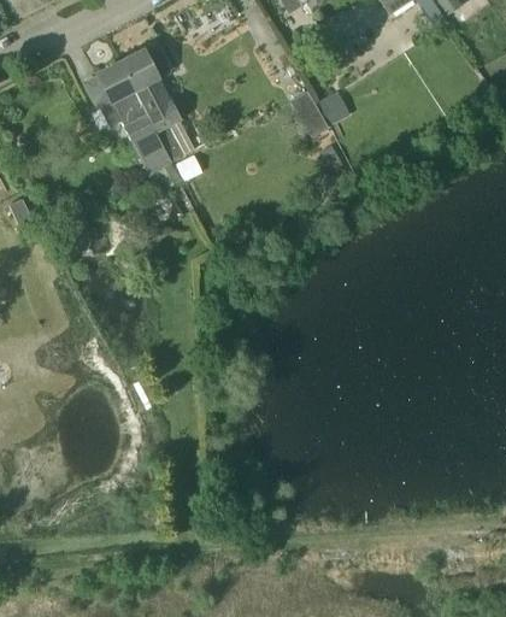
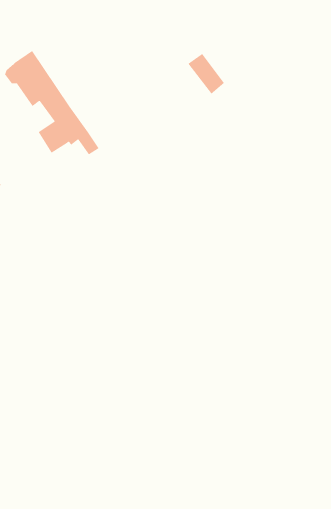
building: [123,42,188,159] -> none

